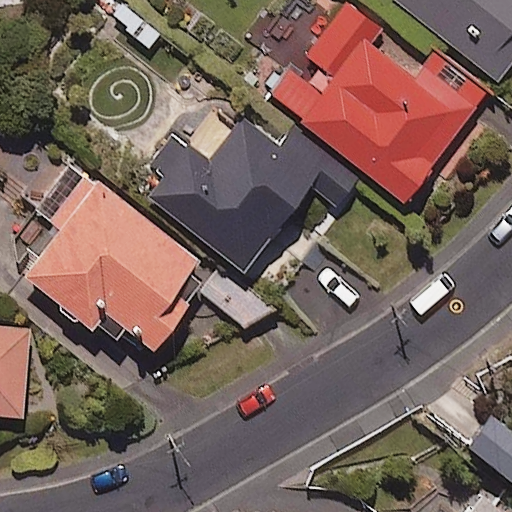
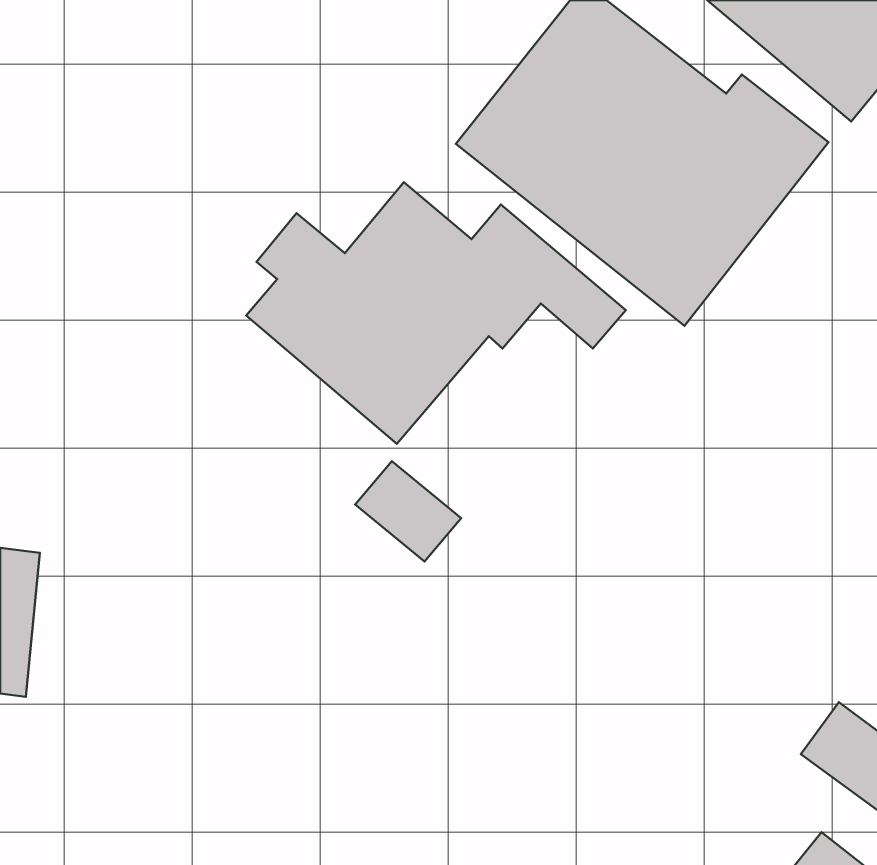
building: [26,177,209,345] -> none

